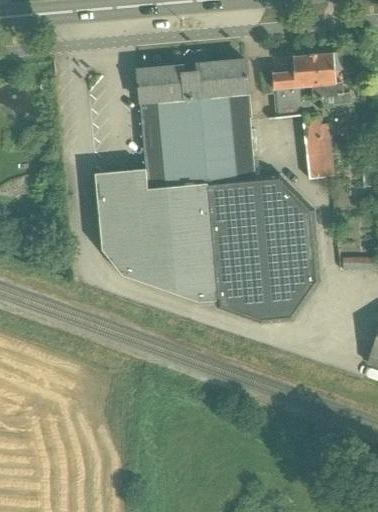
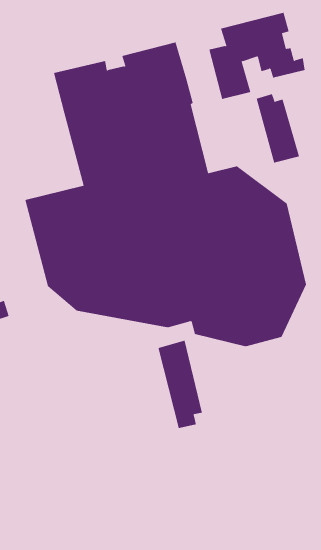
building: none -> [158,340,203,429]

